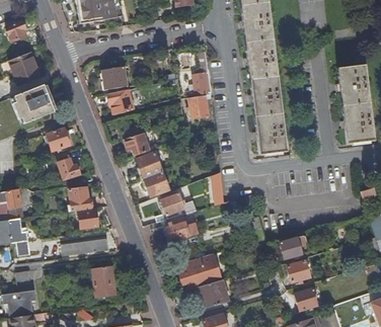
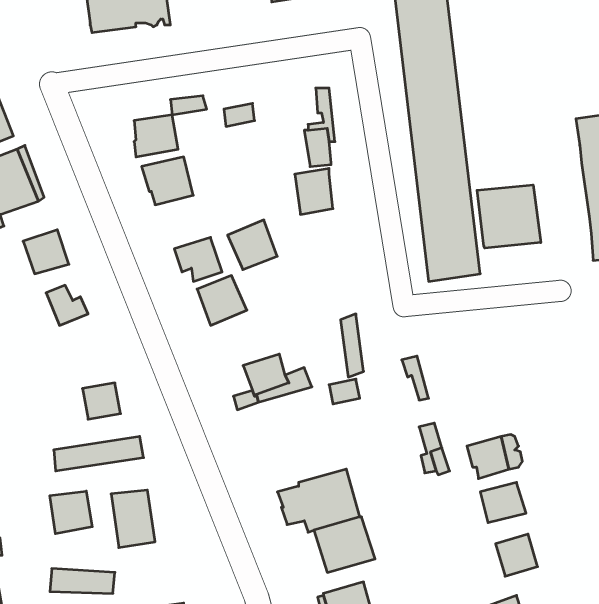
building: none -> [477,185,541,248]
building: [144,170,170,196] -> [228,220,277,270]
building: [67,186,91,210] -> none
building: [166,219,190,242] -> none
building: none -> [50,491,92,534]

